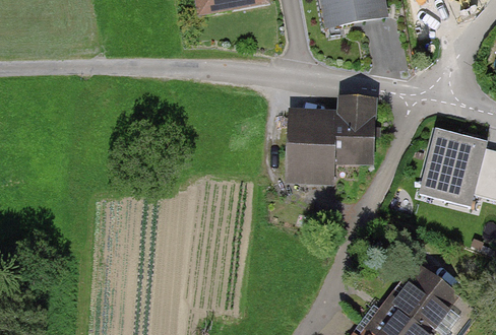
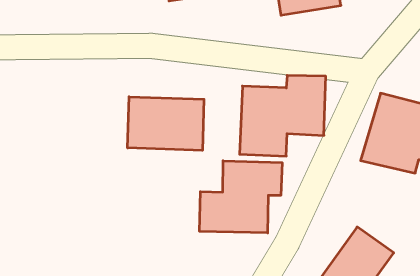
building: none -> [128,97,204,150]
building: none -> [200,161,282,233]

